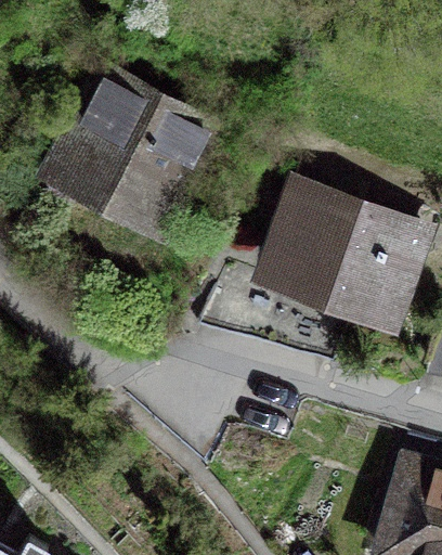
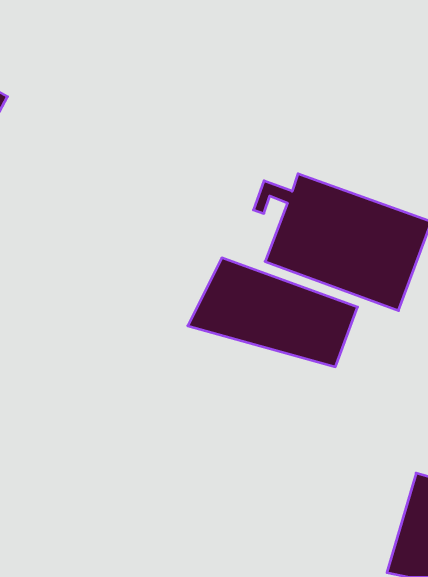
building: [69,77,211,214] -> none

